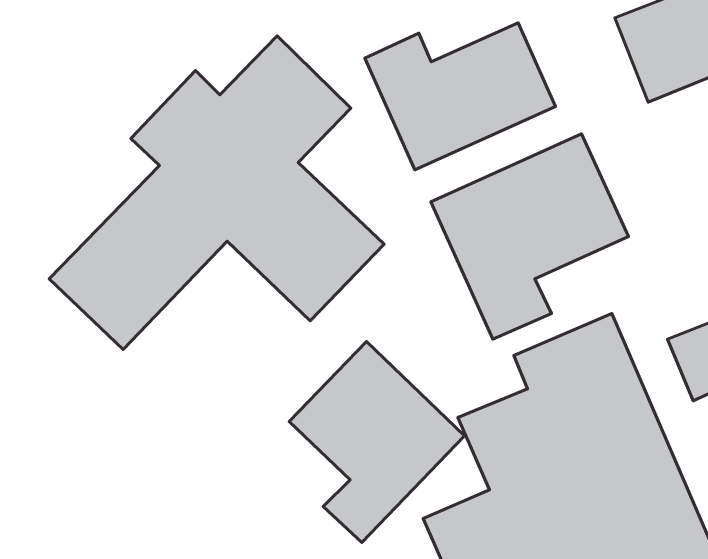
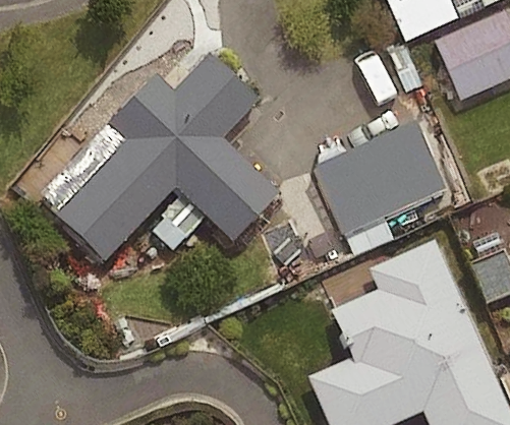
building: [365,23,555,170] -> none
building: [289,342,464,543] -> none

